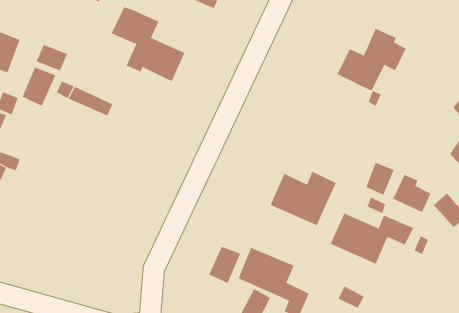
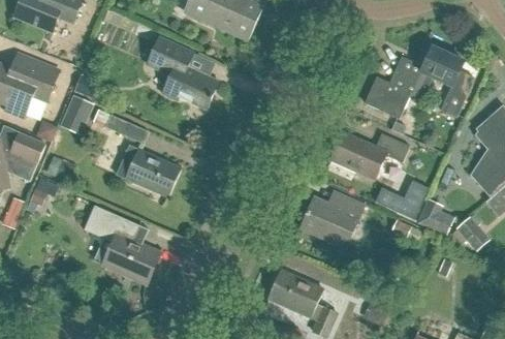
building: none -> [419,47,475,116]
building: none -> [117,144,181,196]
building: none -> [85,204,161,283]
building: [330,213,414,264] -> [329,129,410,179]
building: [209,246,241,284] -> none

